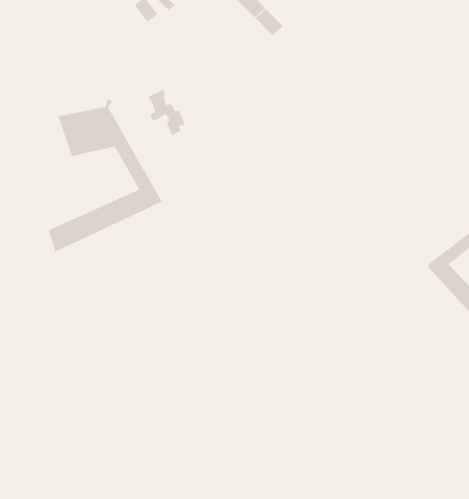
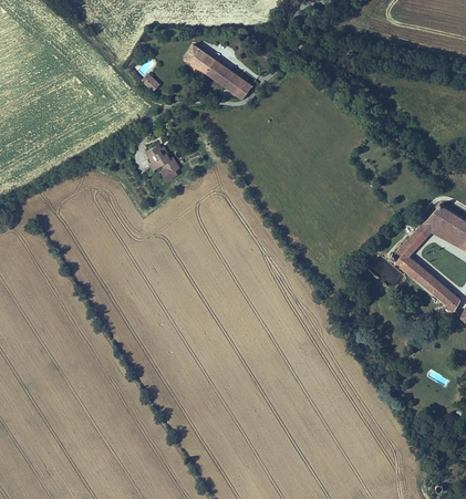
building: [48,98,163,253] -> none

